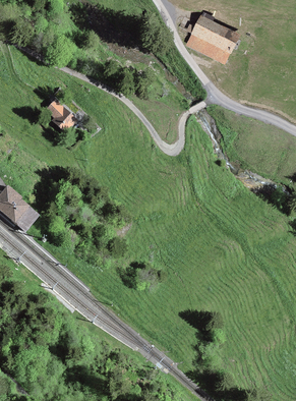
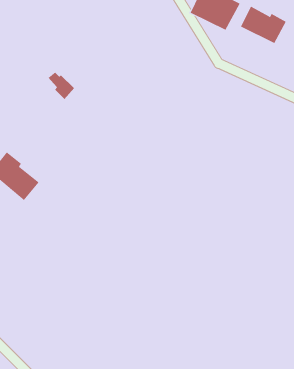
building: none -> [240,6,287,44]

